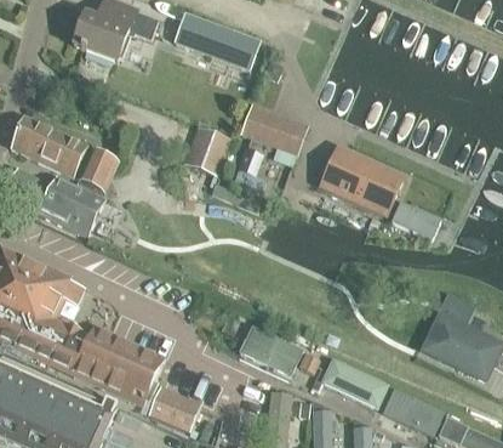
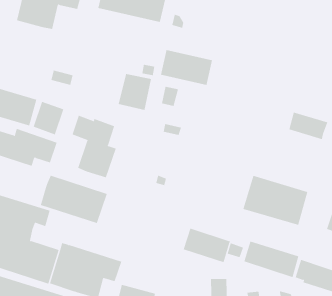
building: [319,147,402,216] -> [242,175,308,226]
building: none -> [72,115,116,178]
building: none -> [40,175,107,224]

